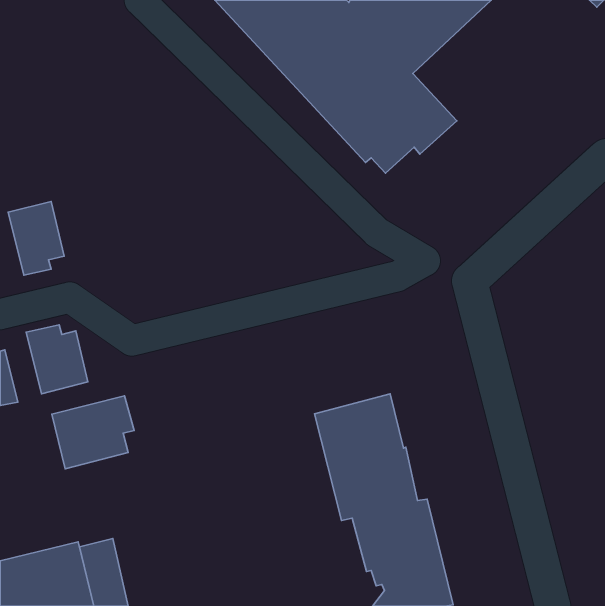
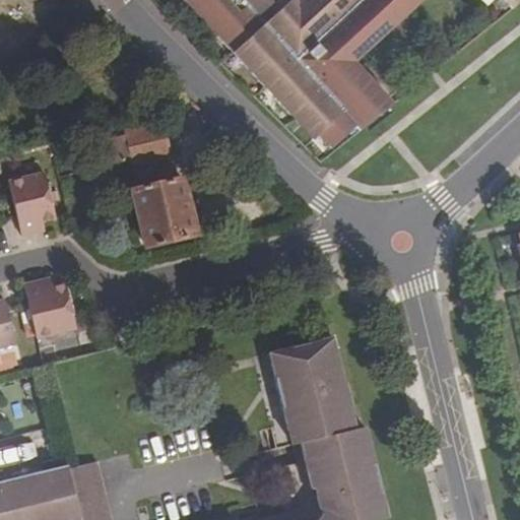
building: none -> [120,124,165,166]
building: none -> [134,178,199,248]
building: [52,396,134,469] -> none

